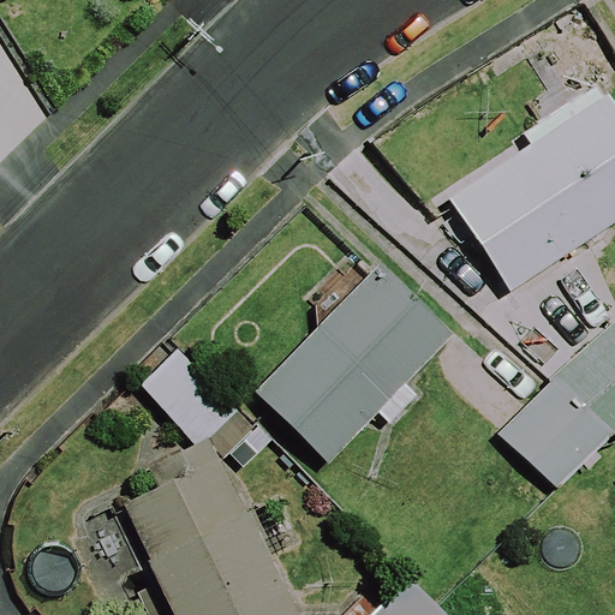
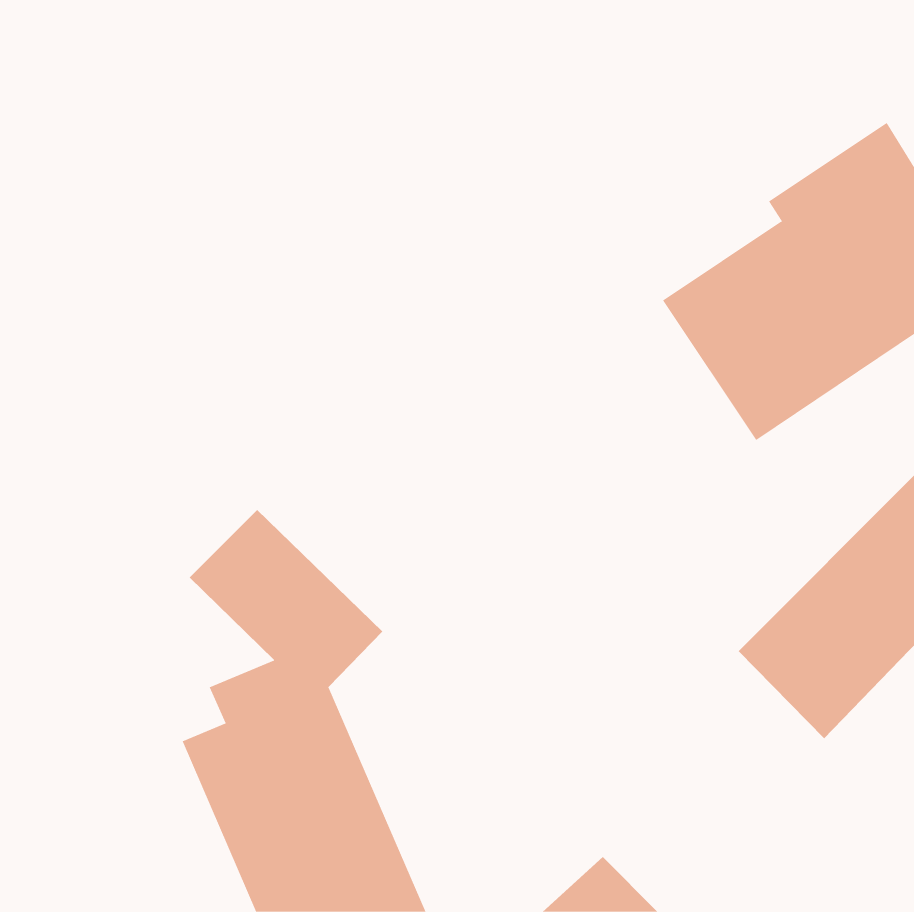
building: [256,263,455,464] -> none

